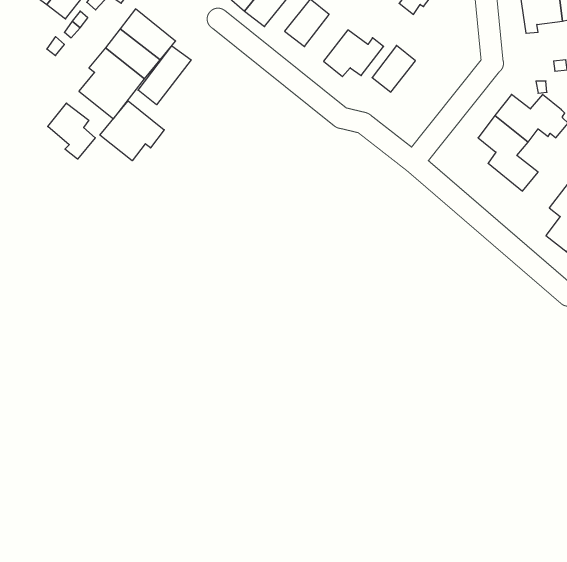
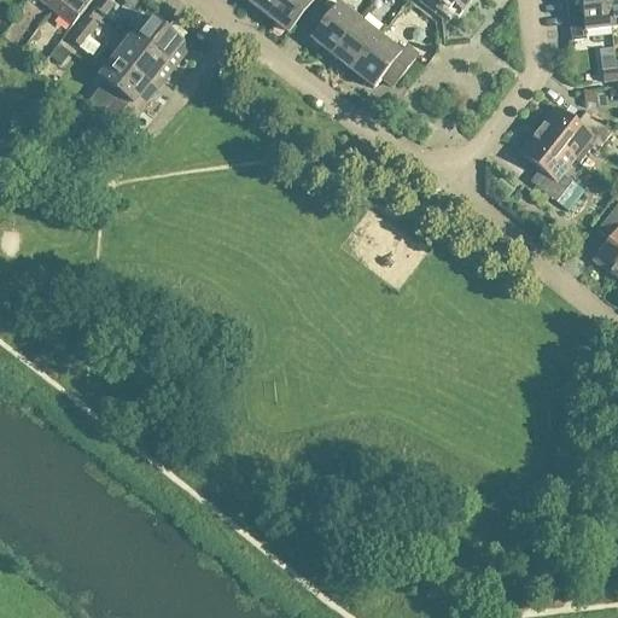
building: [372,45,415,92] -> [332,16,379,66]
building: [138,46,191,105] -> none
building: [100,101,164,161] -> none
building: [48,103,95,159] -> none

